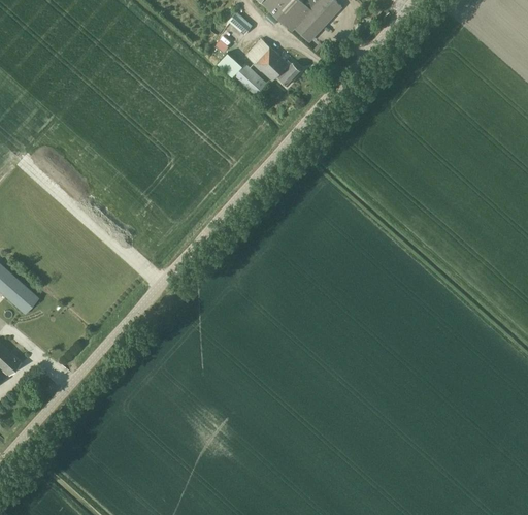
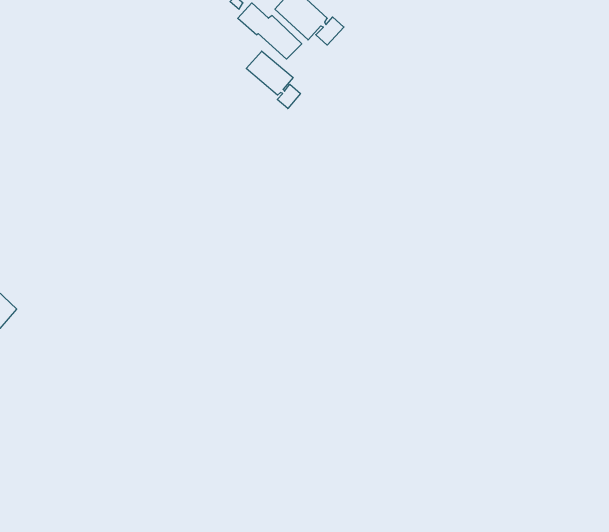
building: none -> [246,51,300,109]

